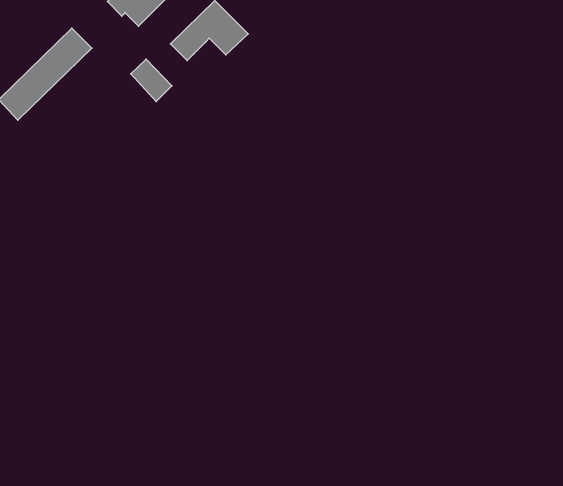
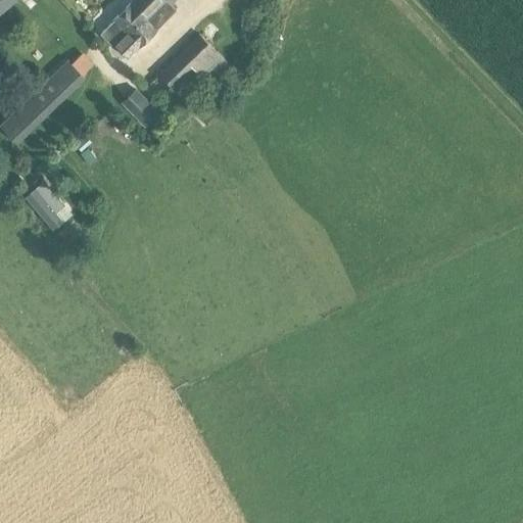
building: none -> [31,196,74,238]

